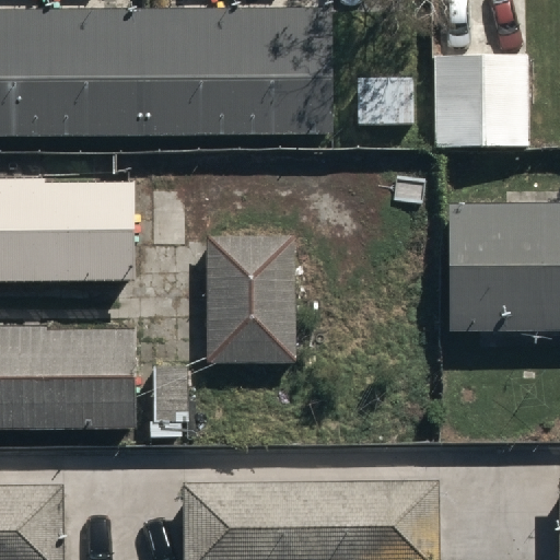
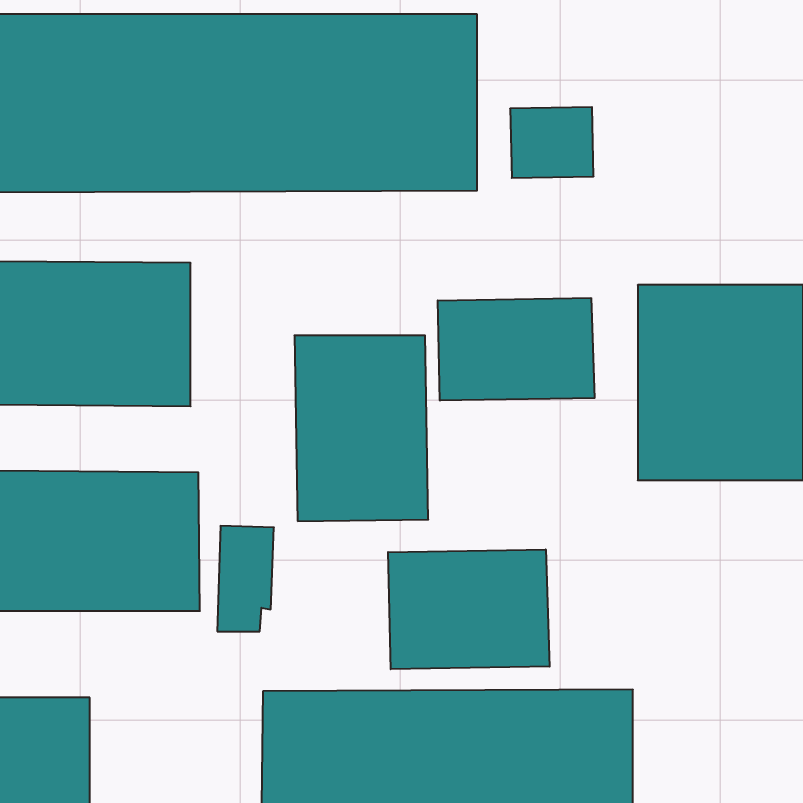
building: [435,59,532,144] -> none
building: none -> [438,298,595,401]
building: none -> [388,549,550,669]

